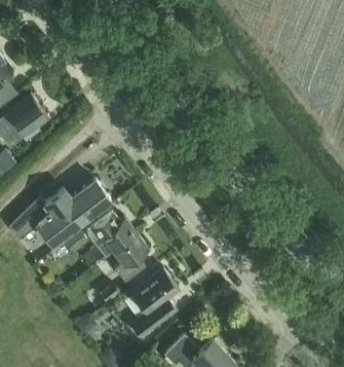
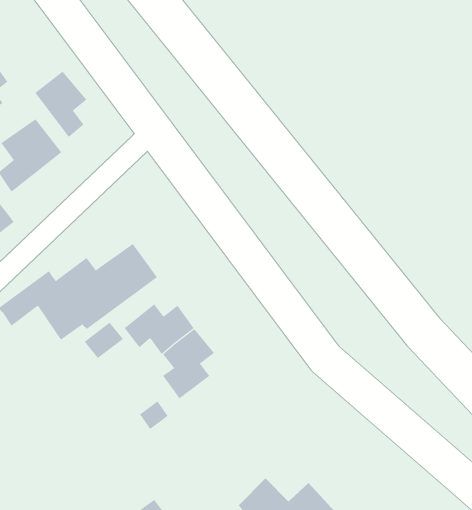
building: none -> [35,71,87,138]
building: [129,271,179,340] -> none

